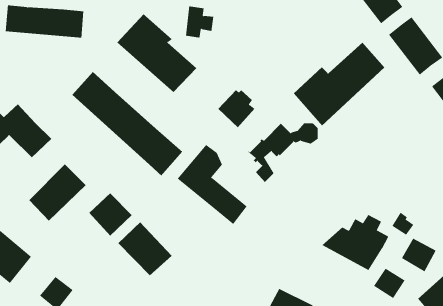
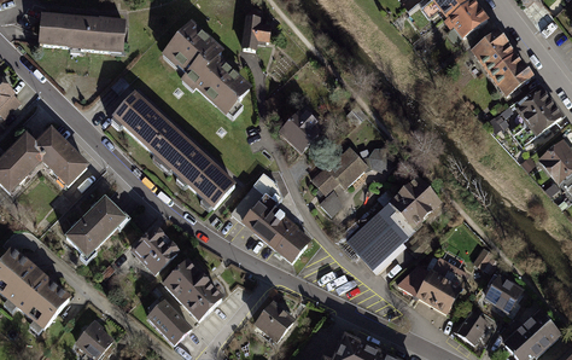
building: [293,42,385,127] -> [340,174,444,269]
building: none -> [251,297,298,344]
building: none -> [147,298,193,344]

